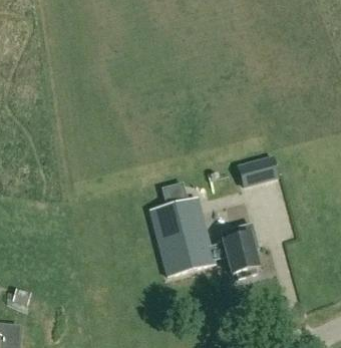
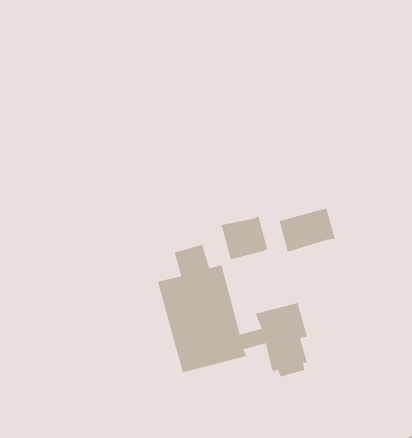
building: none -> [221,216,268,260]

